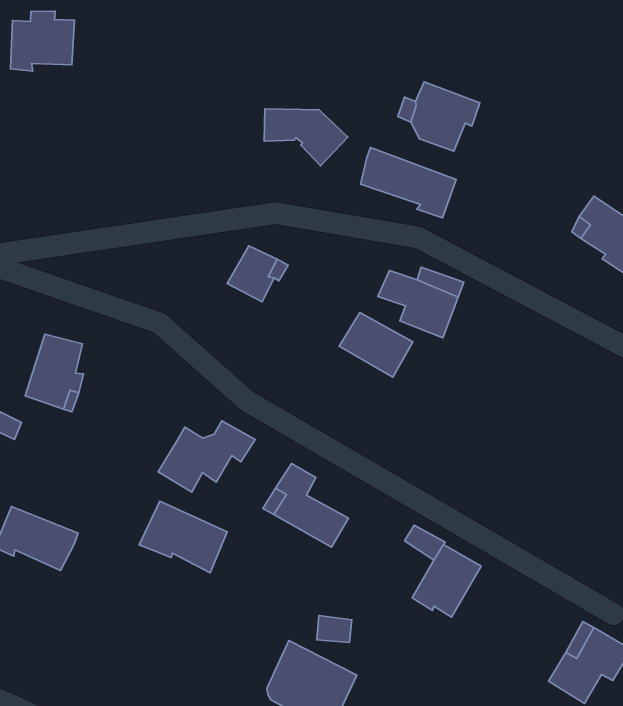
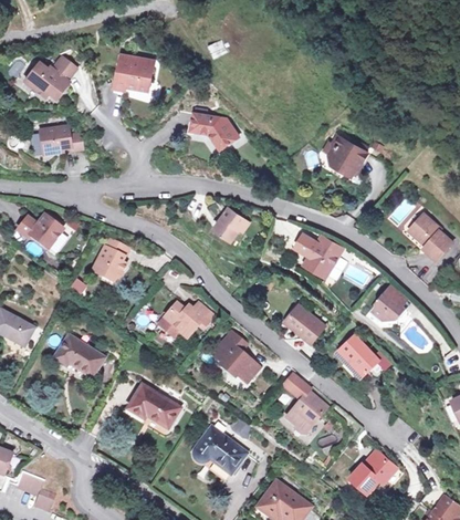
building: [264,109,348,166] -> [189,114,236,150]
building: [361,148,456,218] -> none
building: [339,313,413,377] -> [282,304,323,343]
building: none -> [370,285,406,320]
building: none -> [339,336,380,376]
building: [139,501,227,573] -> [134,385,184,429]

